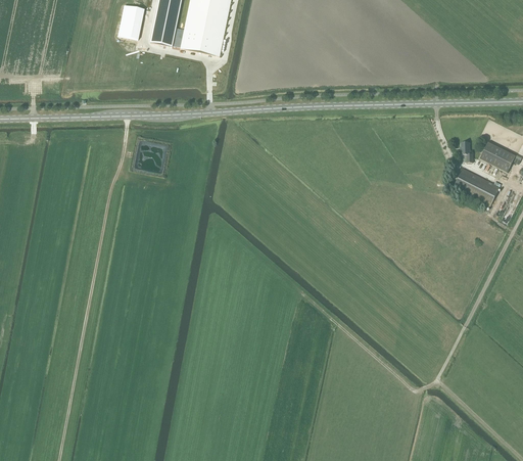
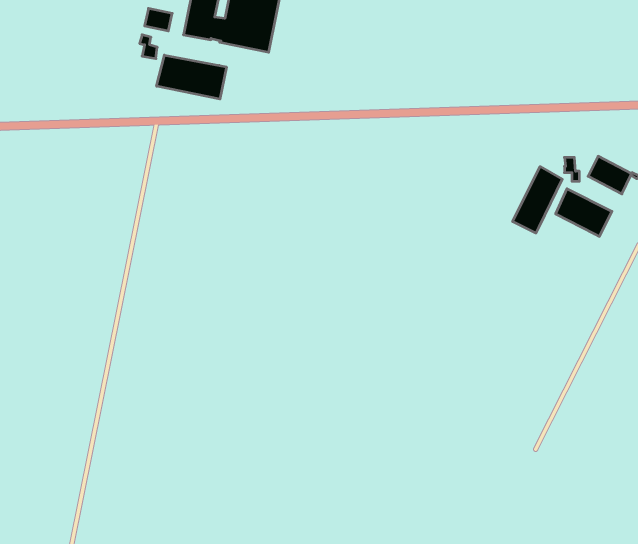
building: none -> [157,55,226,99]
building: none -> [513,167,562,233]

